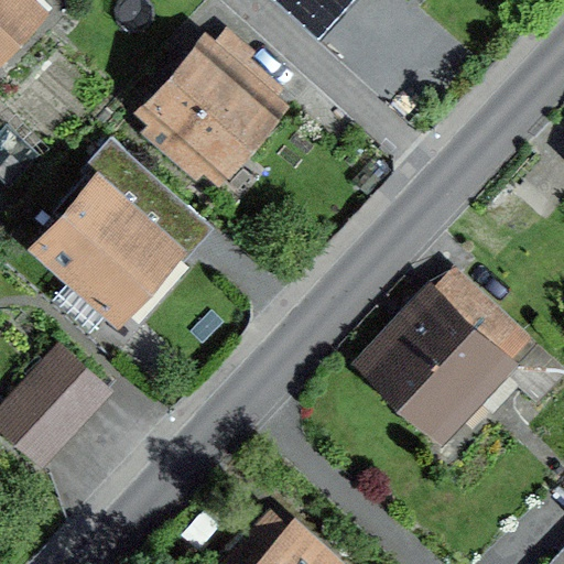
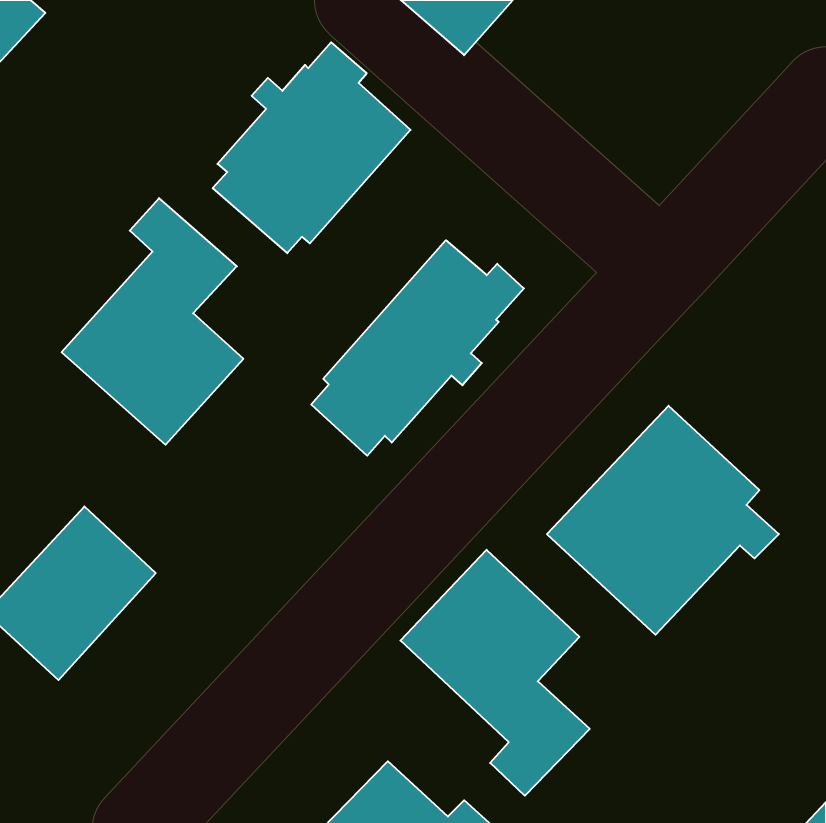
building: none -> [311,240,524,456]
building: none -> [400,550,590,796]

